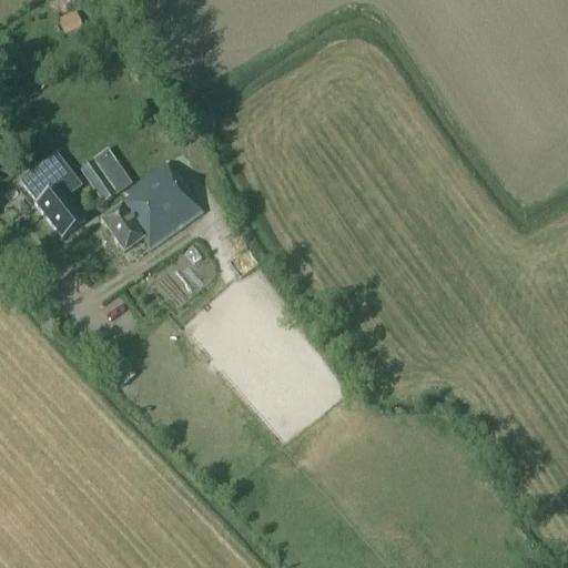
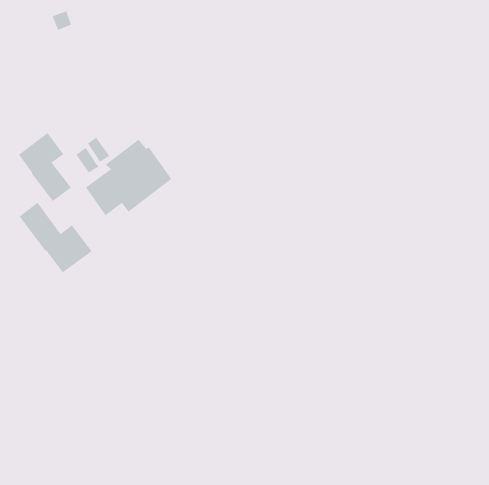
building: none -> [19,202,92,273]

